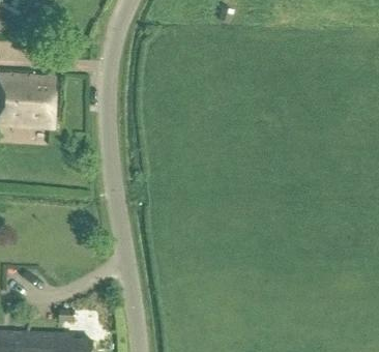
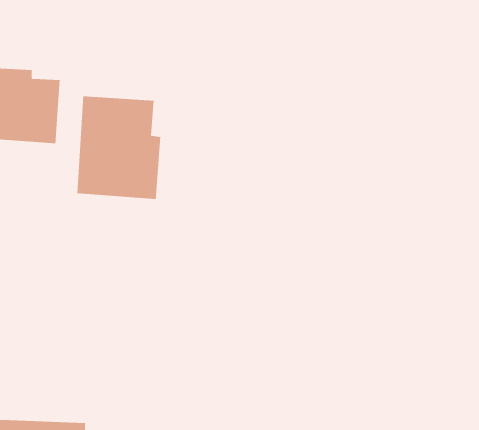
building: none -> [76,95,161,200]

